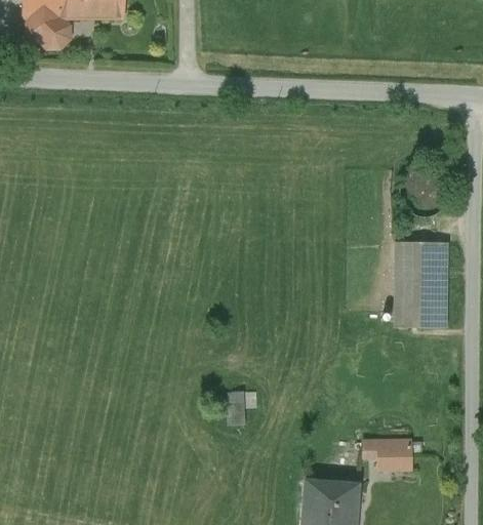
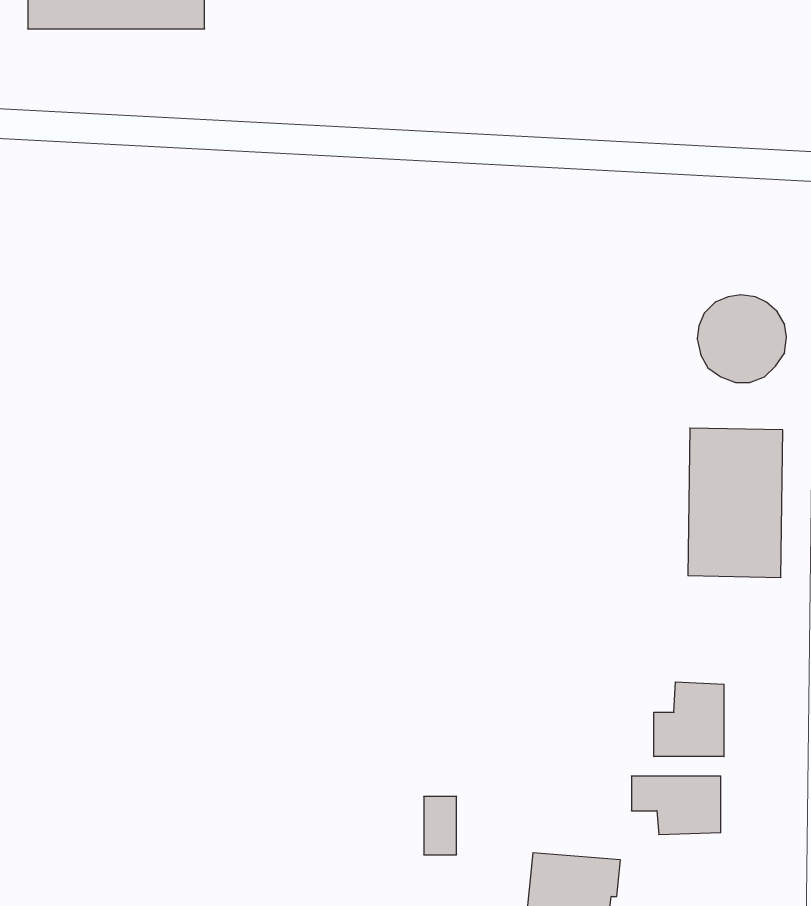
building: [28,18,63,40] -> none
building: none -> [654,682,724,757]
building: [232,391,250,423] -> [424,796,457,855]

